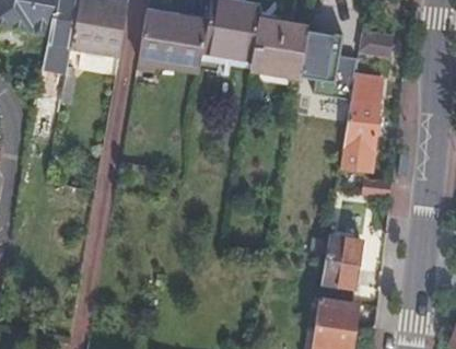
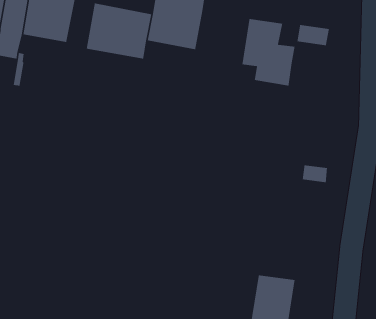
building: [253,18,309,74] -> none
building: [341,72,387,168] -> none
building: [321,236,362,287] -> none

